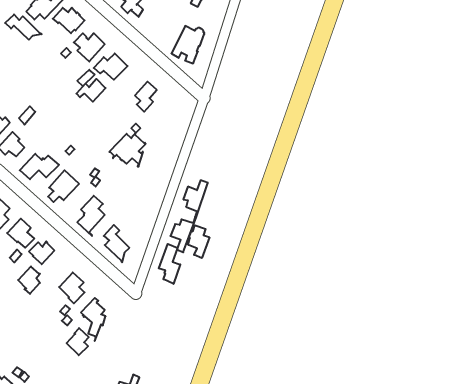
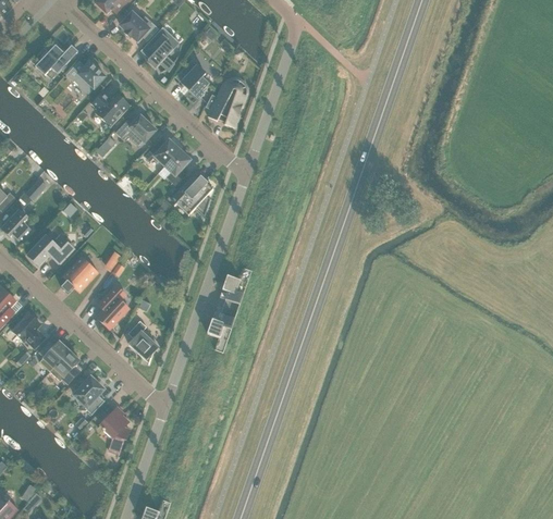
building: none -> [180,57,209,98]
building: [5,14,42,40] -> none
building: [76,79,106,102] -> [145,137,180,164]
building: [109,133,146,167] -> [170,174,213,214]
building: [188,225,209,258] -> none
building: [159,244,180,284] -> none
building: [18,266,40,294] -> [53,349,79,382]
building: [67,328,89,355] -> none

